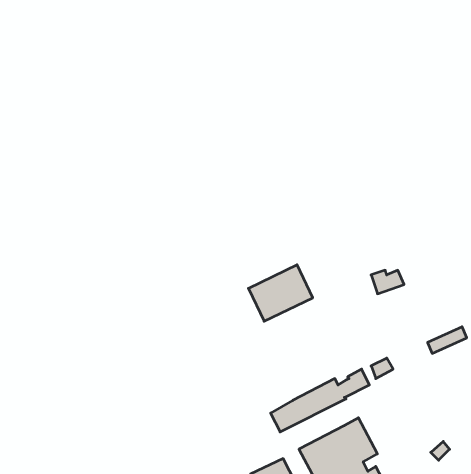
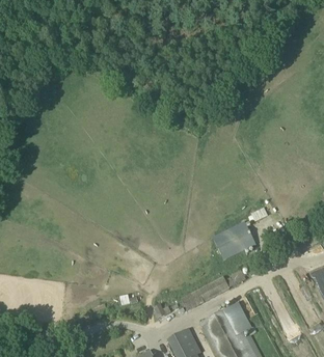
building: [248,265,313,321] -> [213,221,255,258]

